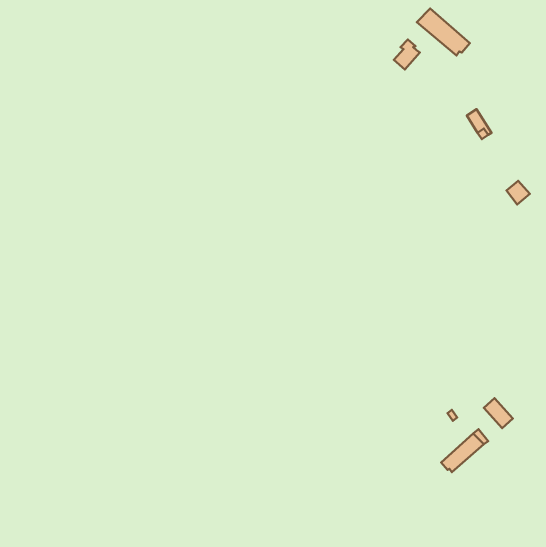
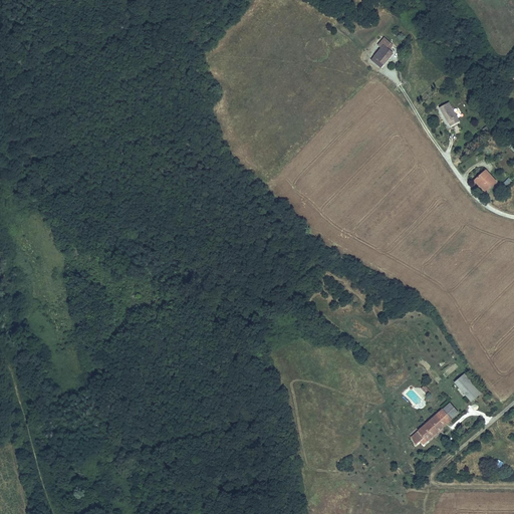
building: [417,8,470,55] -> none

